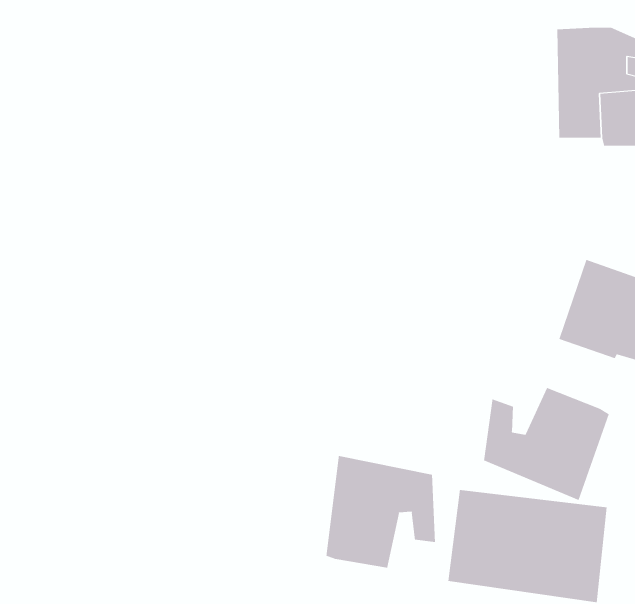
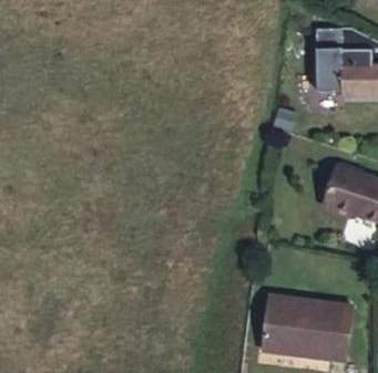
building: [484,387,610,501] -> none
building: [326,455,435,569] -> none

